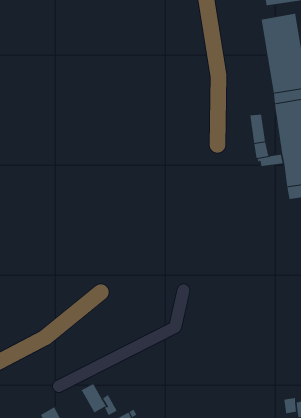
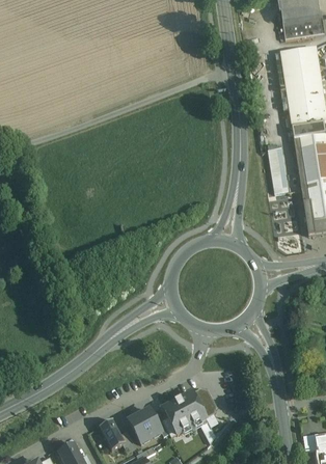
building: none -> [163,391,206,434]
building: none -> [128,410,162,443]

